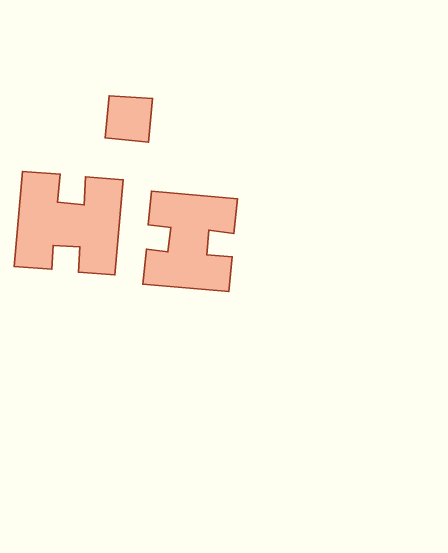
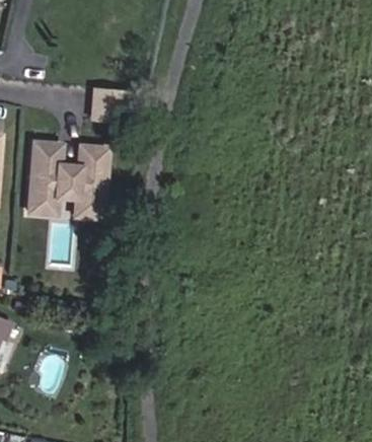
building: [143,191,237,292] -> none

